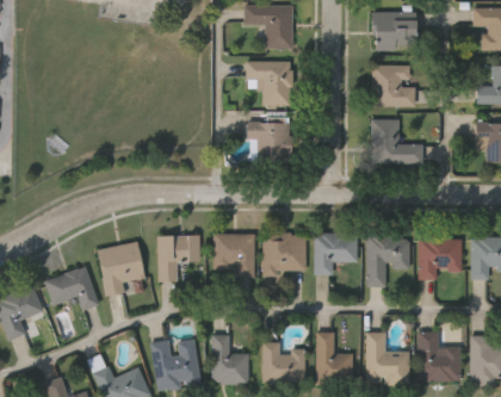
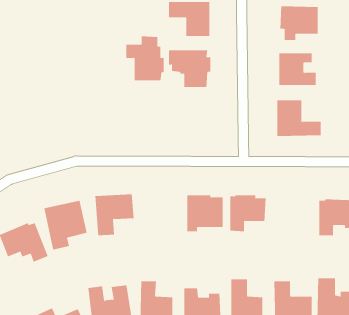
building: [246,113,291,166] -> [126,36,164,81]
building: [214,232,255,277] -> none
building: [366,234,410,287] -> none

